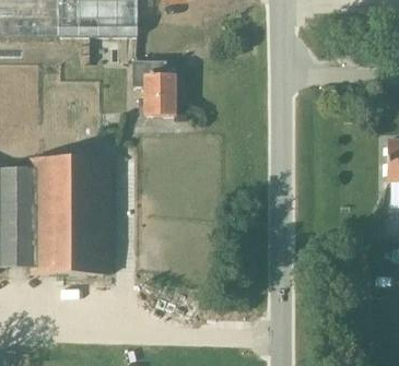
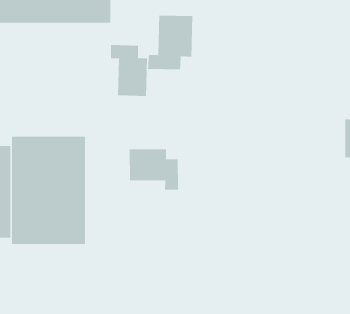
building: none -> [148,15,193,70]
building: none -> [129,148,178,190]

